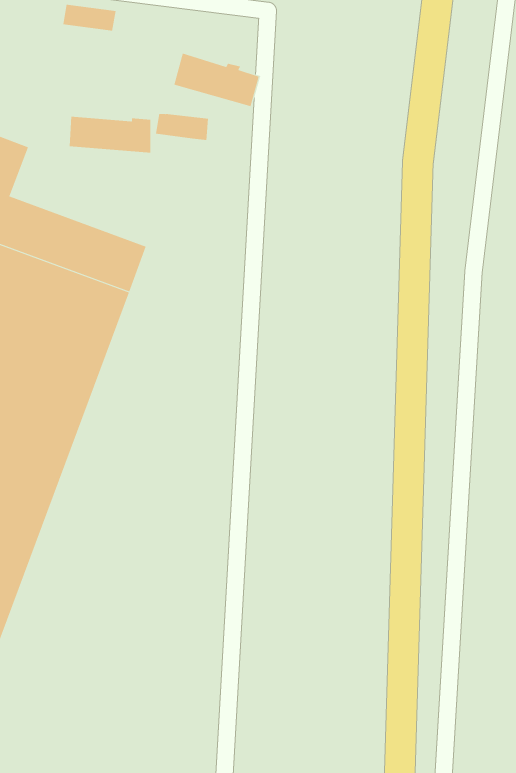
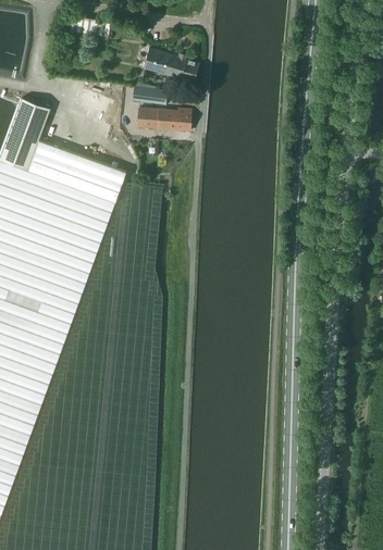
building: [69,116,151,153] -> [137,109,190,133]

